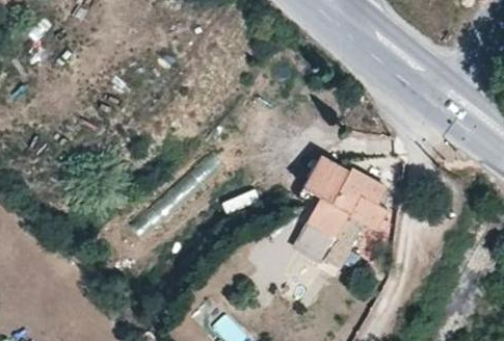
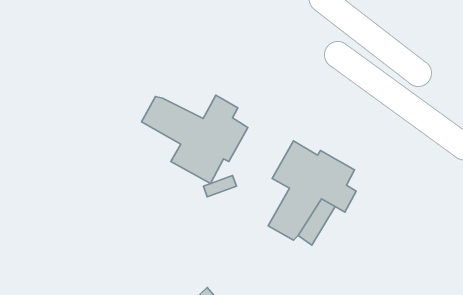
building: none -> [141,95,248,184]

